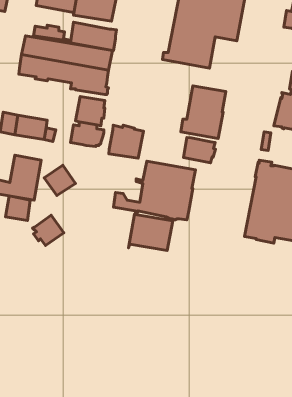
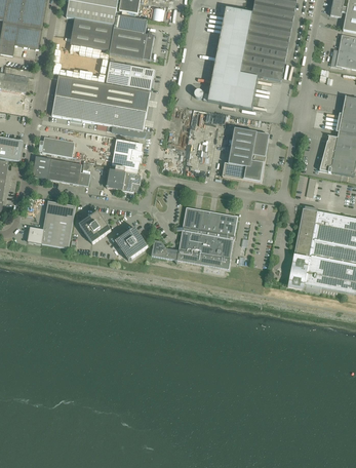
building: none -> [42,135,75,156]
building: [109,125,143,158] -> none
building: [183,137,216,163] -> none
building: [5,196,30,221] -> none
building: [129,214,173,251] -> none
building: [33,215,64,246] -> [116,227,149,259]

